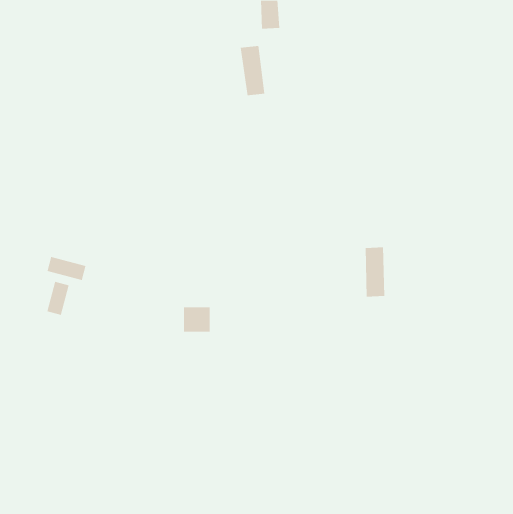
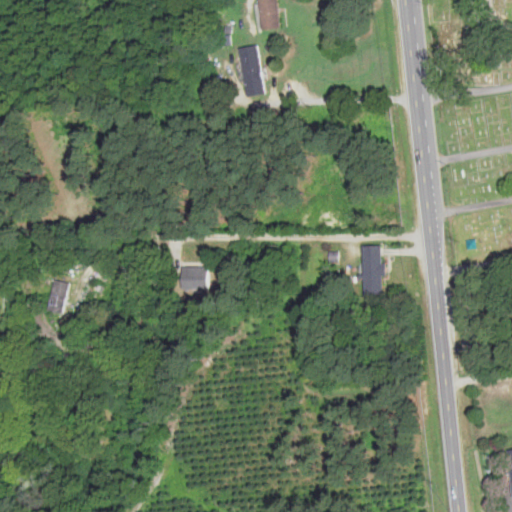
building: [47,256,86,281] -> none
building: [183,307,210,332] -> [181,267,208,292]

